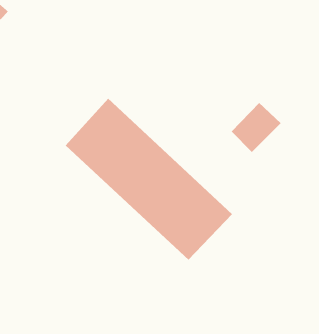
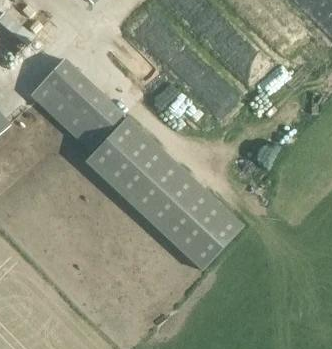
building: none -> [30,58,125,151]

